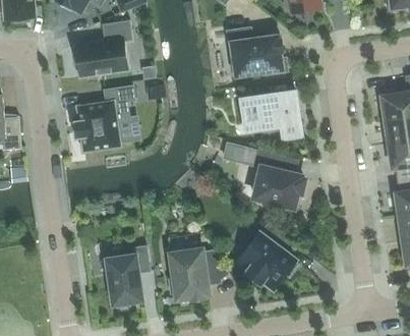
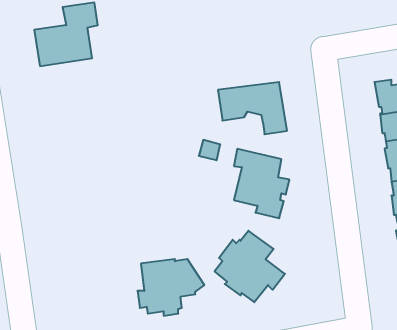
building: [225,26,286,74] -> none
building: [72,86,133,151] -> none
building: [106,245,149,307] -> none

